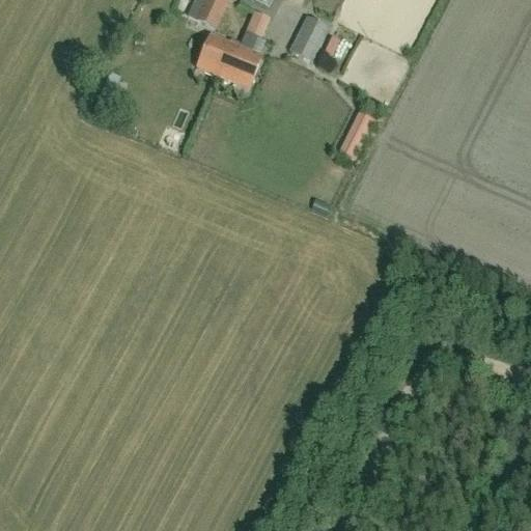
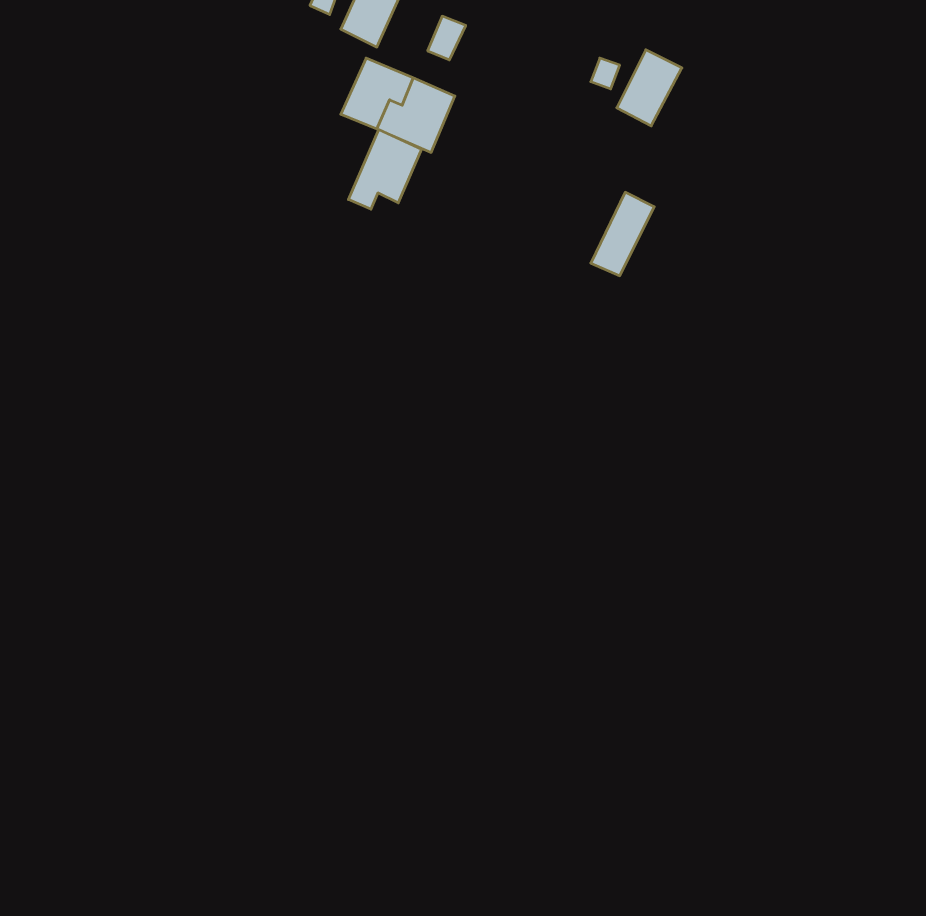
building: [290,16,328,59] -> [617,50,682,126]
building: none -> [348,130,421,209]

